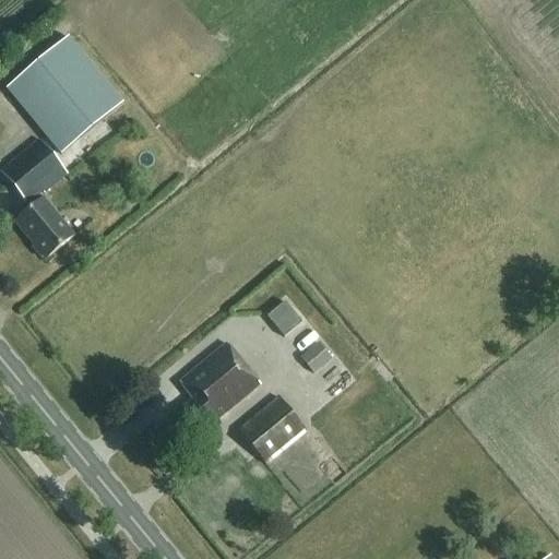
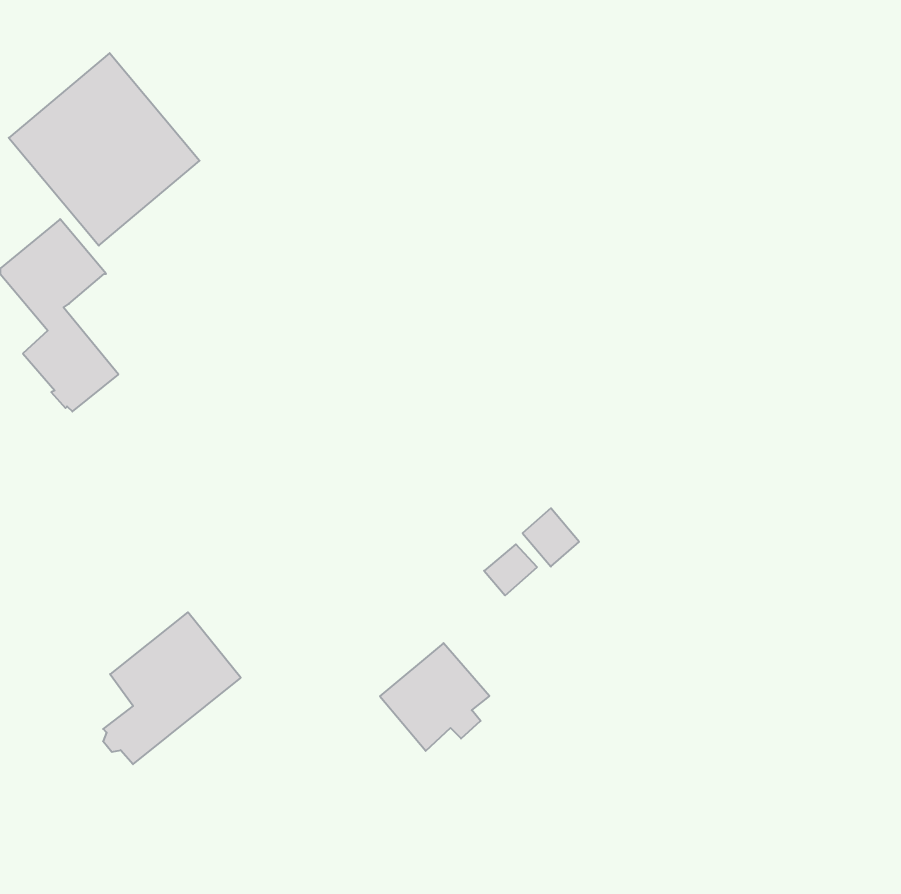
building: [267,298,302,334] -> [523,508,579,567]
building: [175,341,260,435] -> [103,612,241,764]

